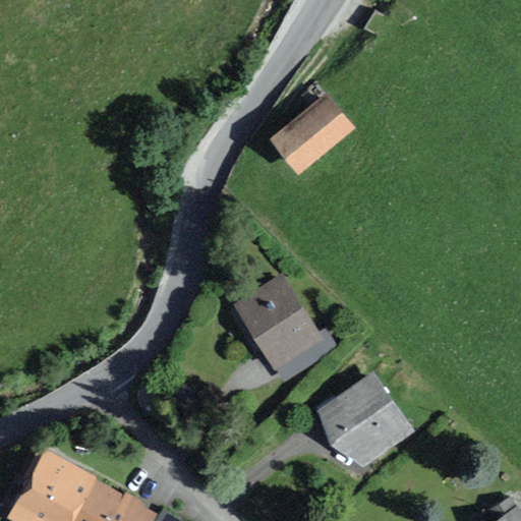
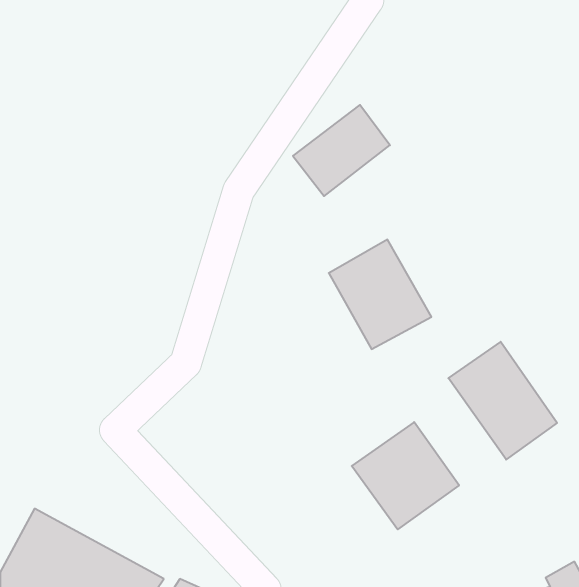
building: [232,273,323,369] -> [329,240,431,349]
building: none -> [448,342,557,460]

